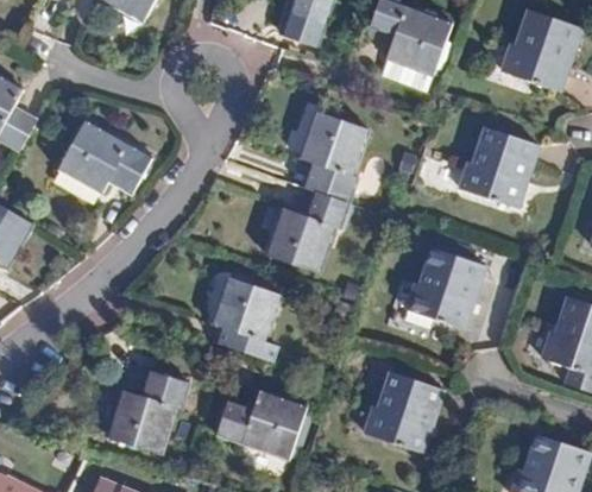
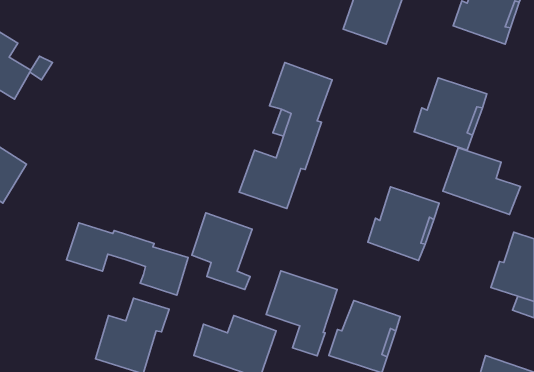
building: [57,121,151,194] -> none
building: none -> [443,148,520,215]
building: none -> [67,223,188,295]
building: none -> [266,271,337,356]

